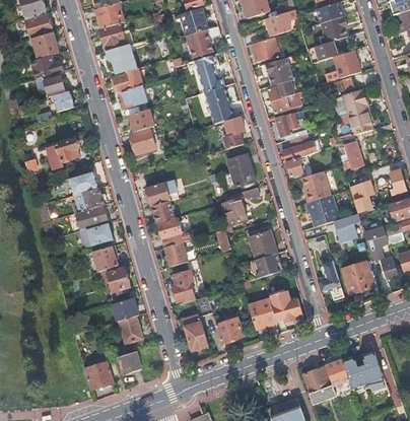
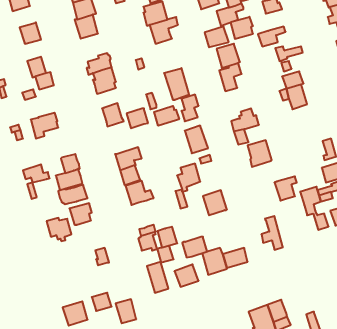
building: [24,12,51,39] -> none
building: [321,15,347,42] -> [231,17,253,39]
building: [105,43,137,74] -> none
building: [186,54,222,93] -> none
building: [28,56,62,78] -> none
building: [128,109,153,132] -> [127,108,148,128]
building: [275,113,306,139] -> none
building: none -> [154,106,179,126]
building: [338,139,363,167] -> none
building: [71,169,102,191] -> [23,164,50,183]
building: [349,180,373,211] -> none
building: [304,195,336,225] -> none
building: [164,241,188,266] -> [157,227,177,248]
building: [338,250,372,293] -> none
building: [252,253,281,277] -> [182,237,207,257]
building: [99,266,129,293] -> [47,218,71,241]
building: [118,314,142,343] -> [116,299,136,323]
building: [341,350,369,374] -> none

